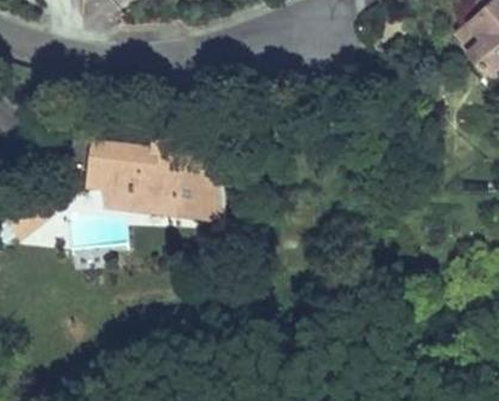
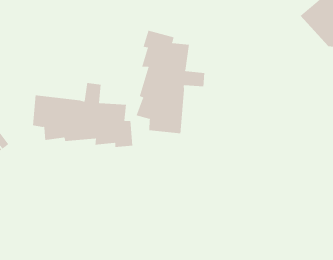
building: none -> [136,30,205,134]

